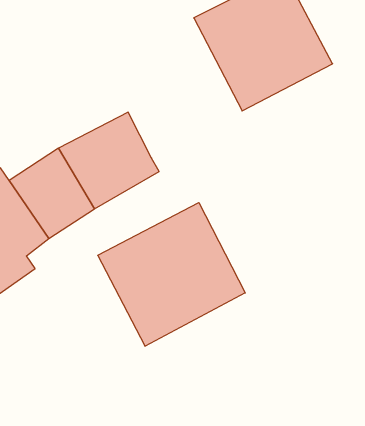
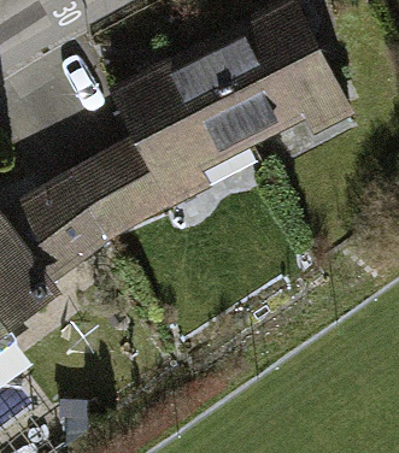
building: none -> [116,54,251,190]
building: [98,203,245,346] -> none

